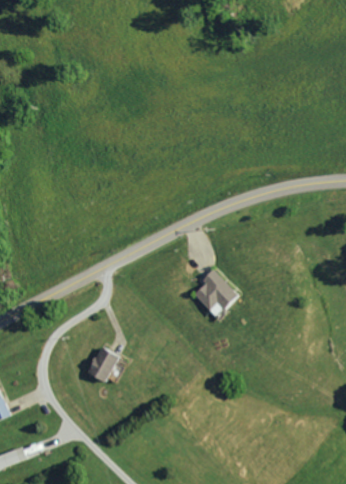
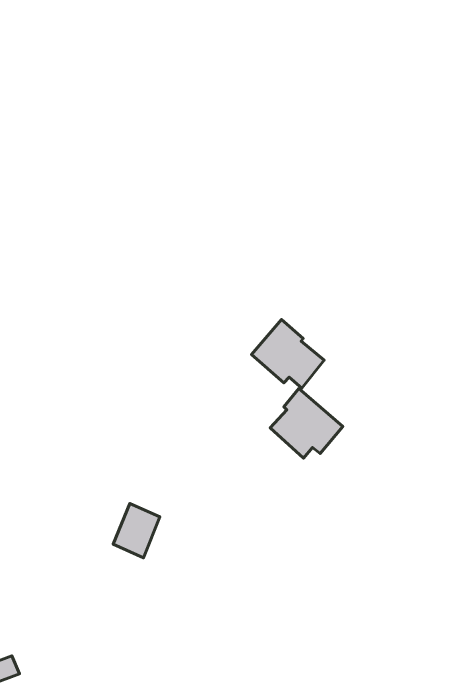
building: none -> [252,320,324,388]

